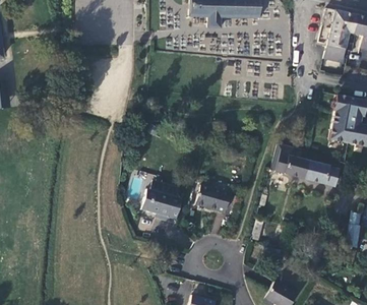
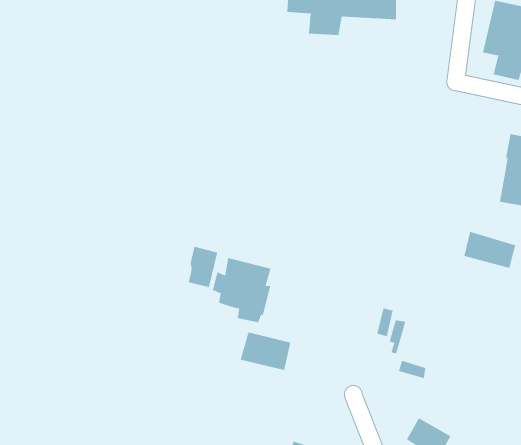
building: [276,146,309,178] -> none
building: none -> [188,246,218,288]
building: [195,186,229,211] -> [240,332,291,371]

